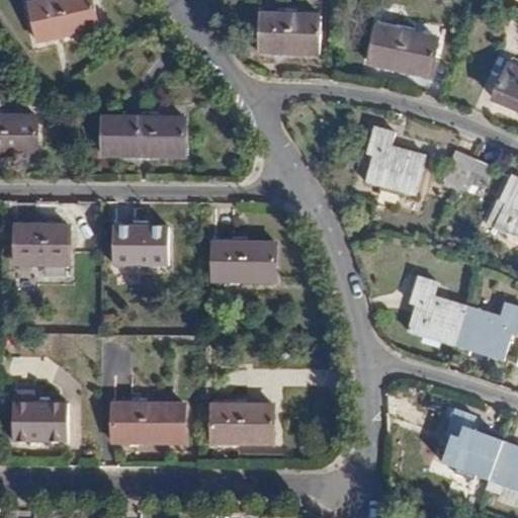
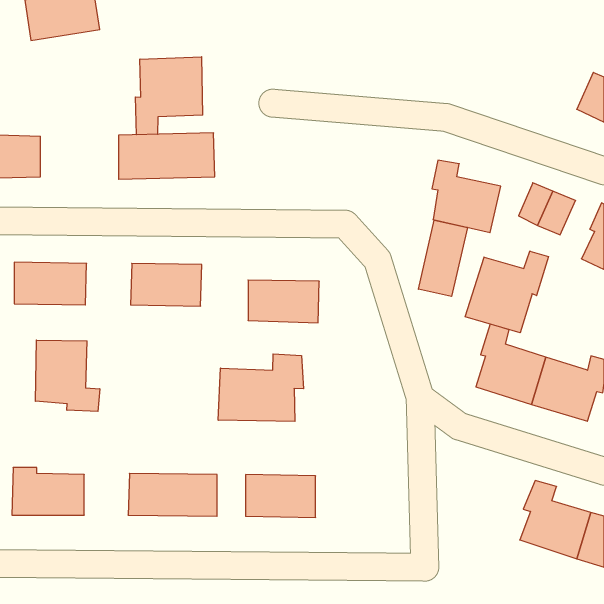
building: [257,15,318,55] -> none
building: [376,29,441,76] -> none
building: none -> [136,57,203,135]
building: none -> [418,220,467,296]
building: none -> [465,251,549,333]
building: none -> [35,340,100,411]
building: none -> [218,354,304,421]

